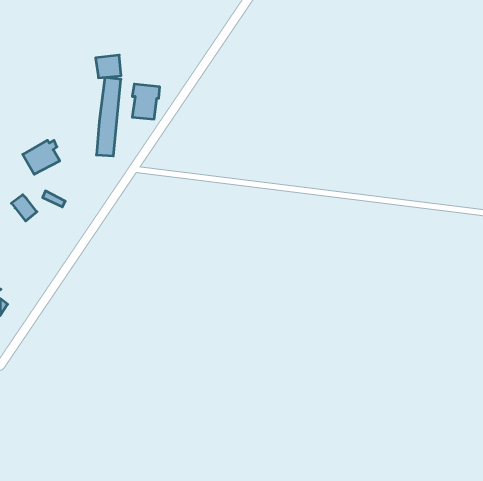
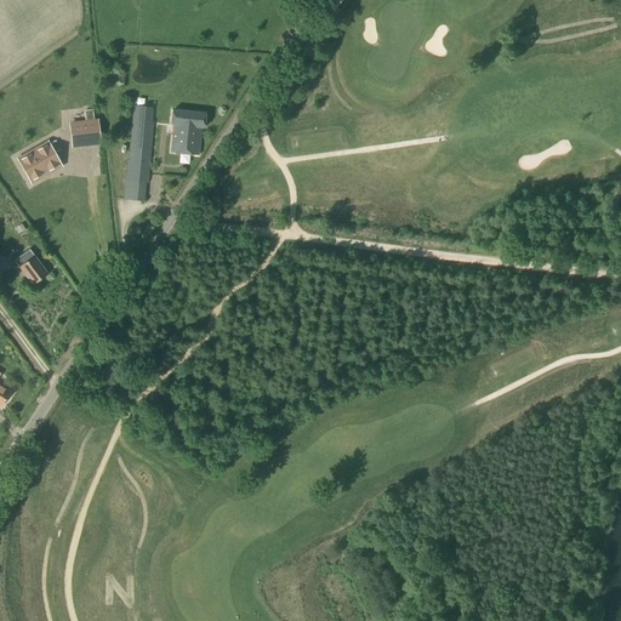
building: [96,55,121,78] -> [68,116,101,146]
building: [23,140,60,174] -> [16,138,63,182]

